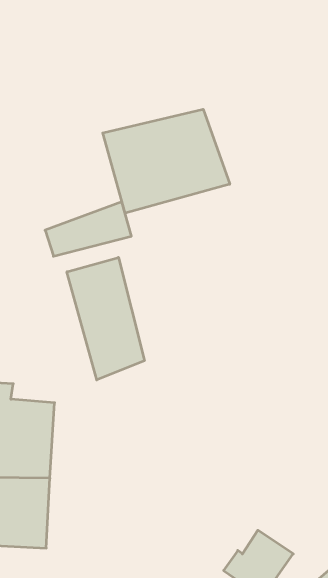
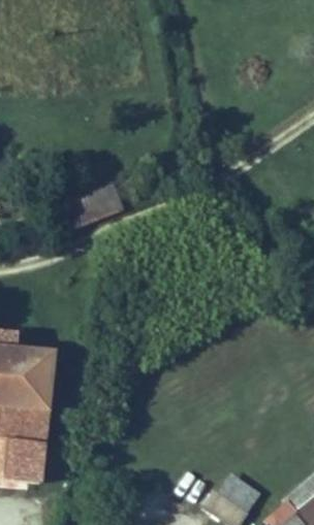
building: [103,109,230,213] -> none
building: [67,257,144,380] -> none

